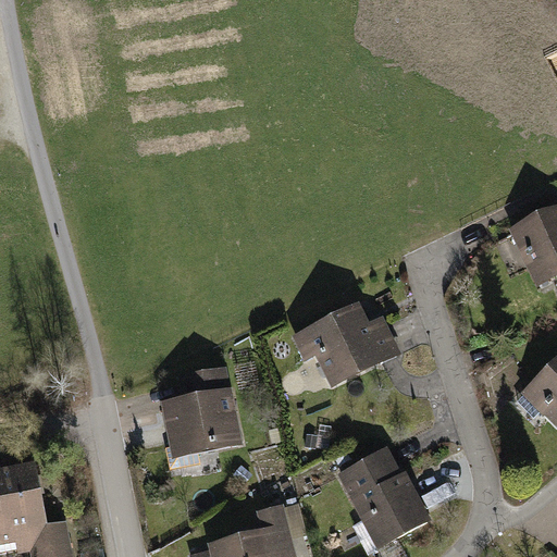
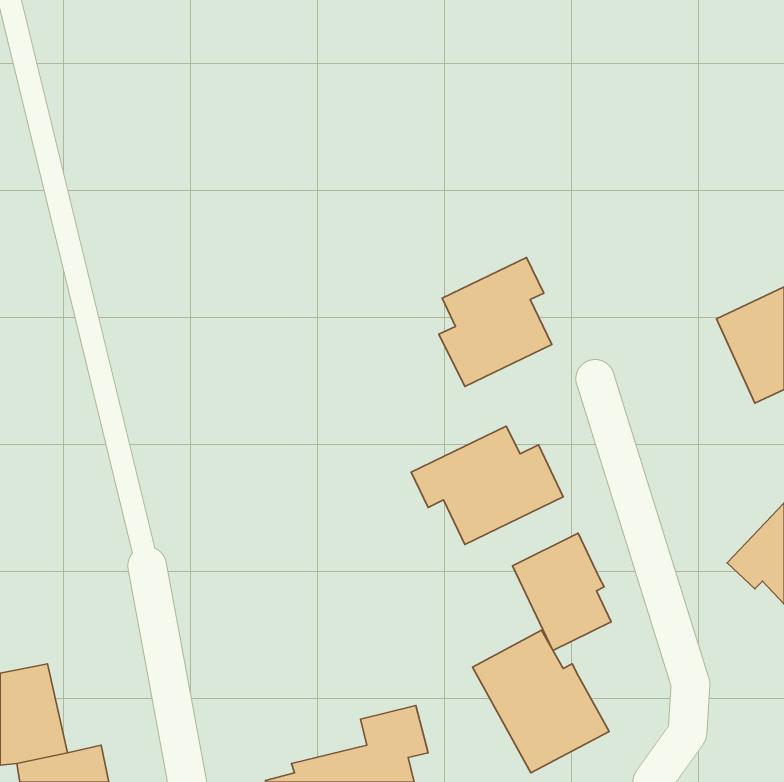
building: none -> [439,257,552,387]
building: [160,366,243,459] -> none
building: none -> [512,533,611,651]

